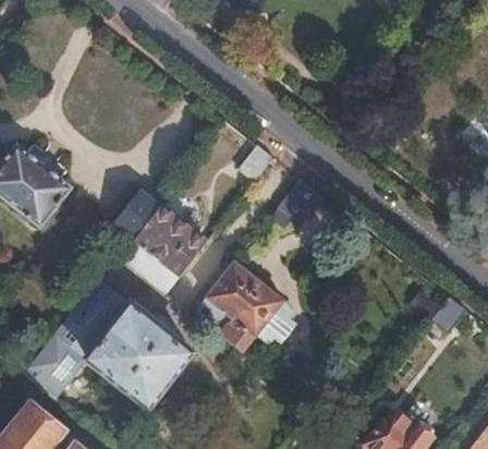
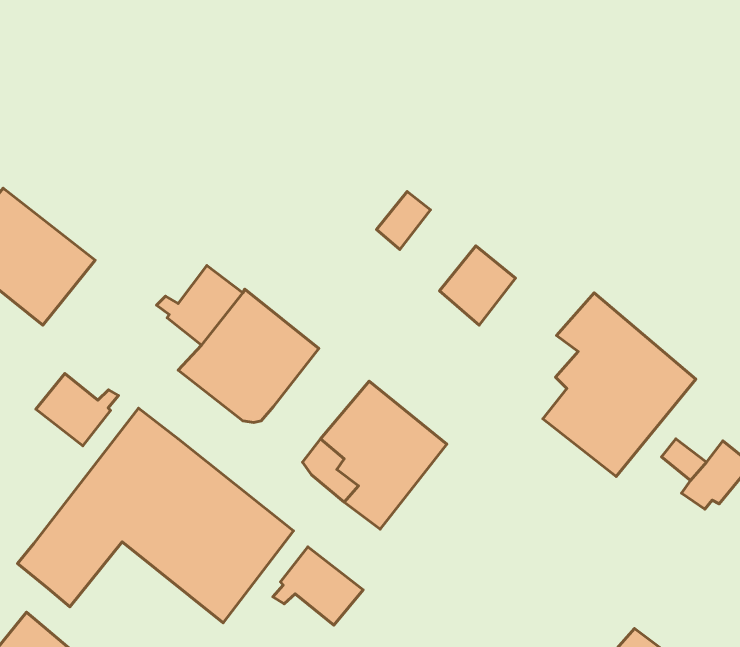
building: none -> [543,293,696,477]
building: none -> [36,373,118,446]
building: none -> [273,547,363,625]

